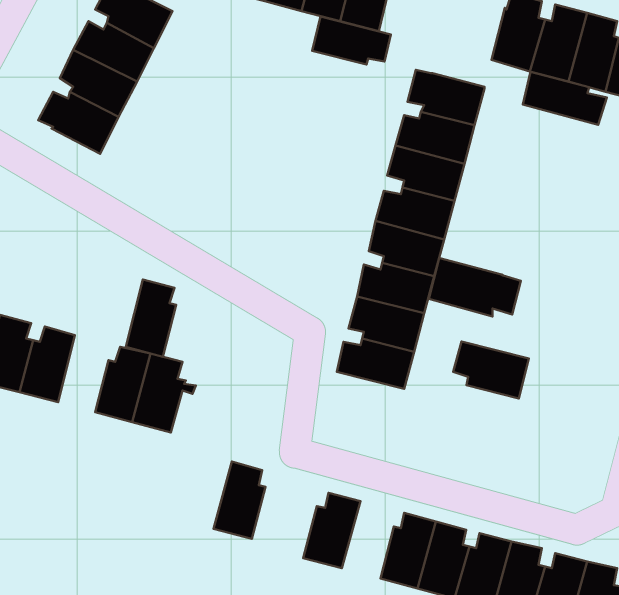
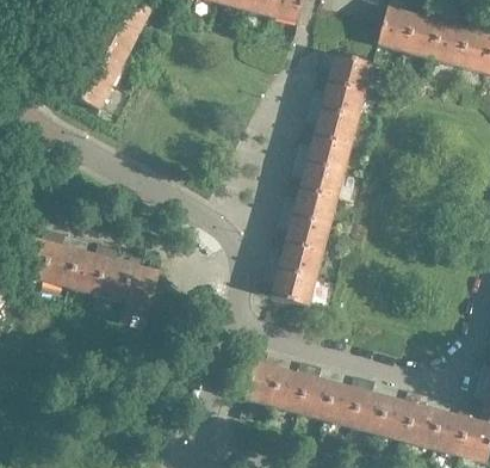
building: [312,16,391,65] -> none
building: [523,72,607,125] -> none
building: [429,258,521,316] -> none
building: [126,280,176,357] -> [73,241,108,296]
building: [453,342,529,399] -> [265,267,318,308]
building: [213,462,265,539] -> [274,359,311,414]

